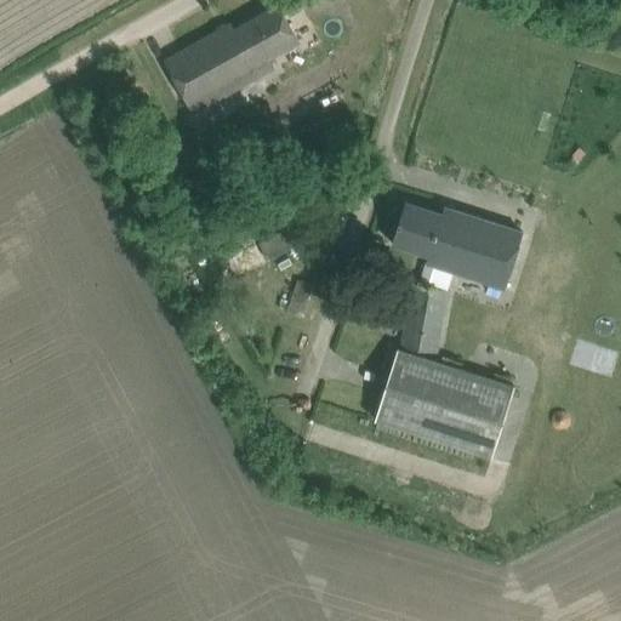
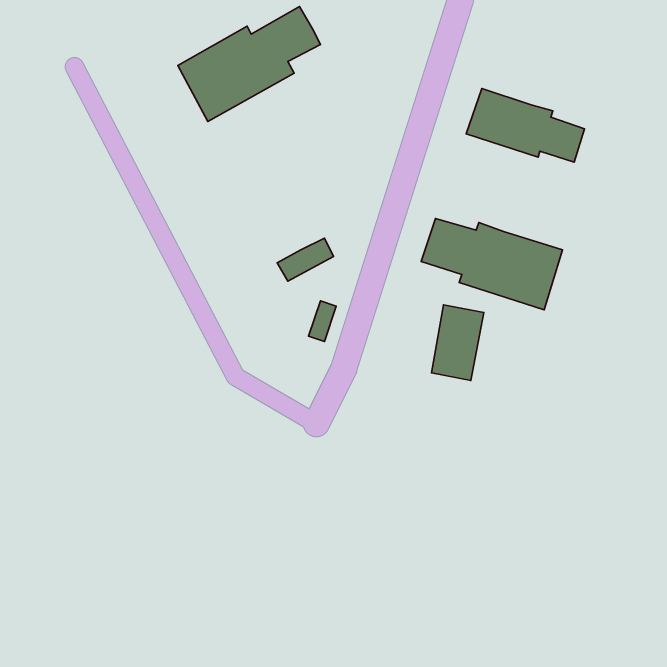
building: none -> [466,88,585,162]
building: [375,351,514,458] -> none

